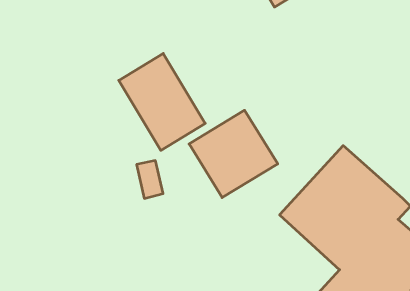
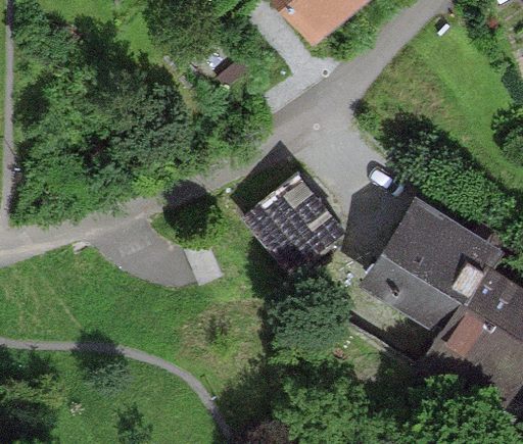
building: [119,53,205,150] -> none

